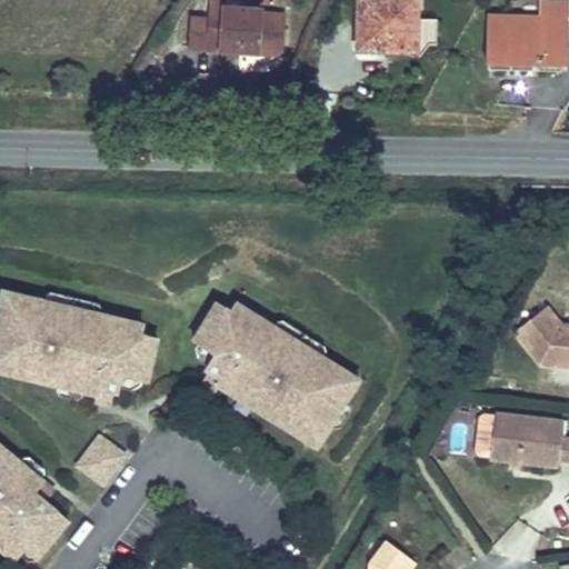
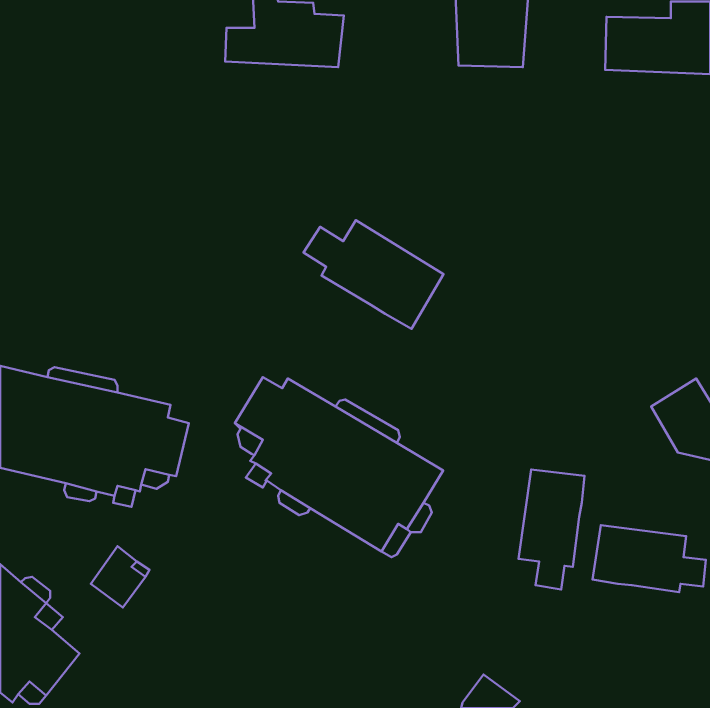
building: none -> [303,220,444,329]
building: none -> [519,470,585,589]

